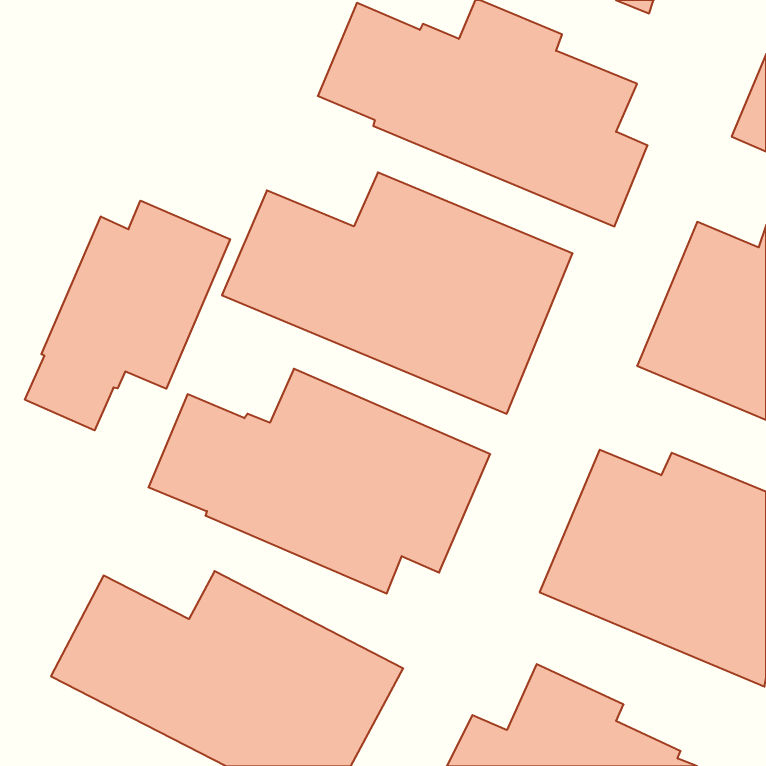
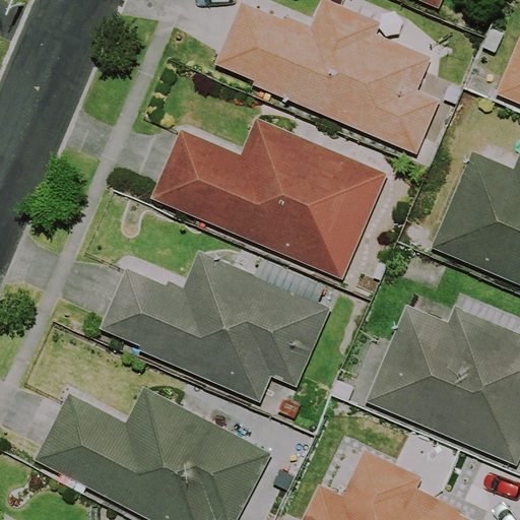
building: [25,201,230,430] -> none

